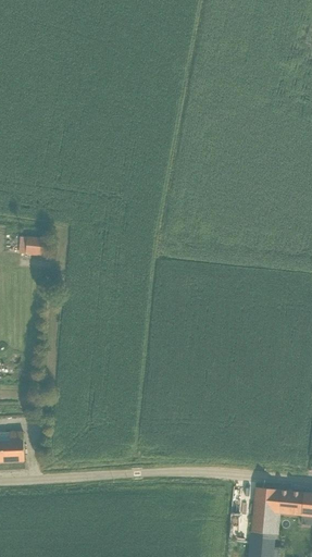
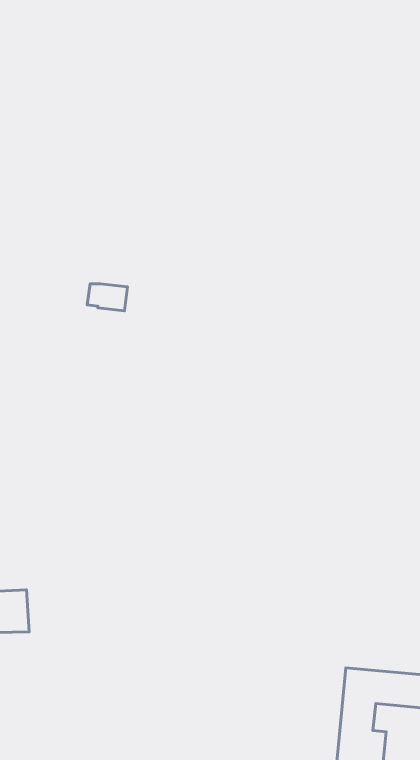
building: [18,237,48,257] -> [87,284,128,311]

